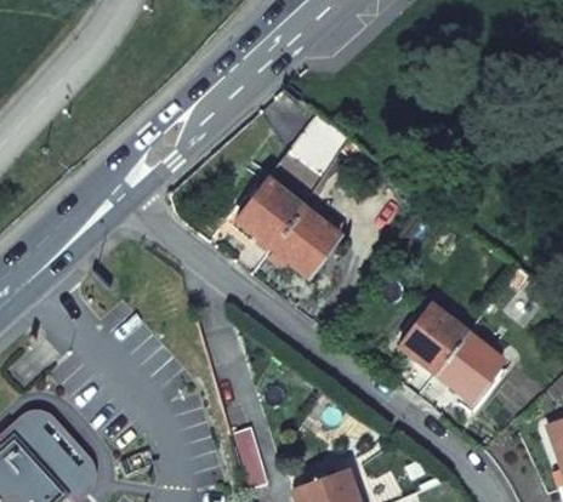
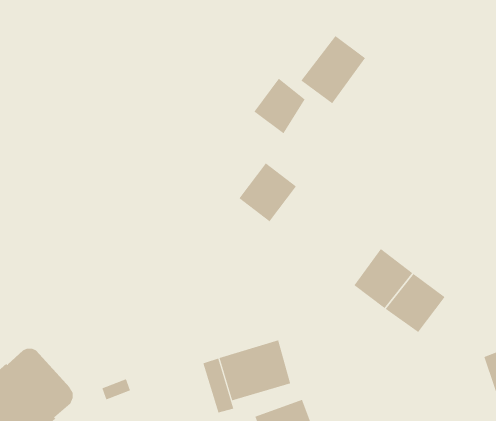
building: none -> [300,35,366,104]
building: [235,179,302,247] -> none
building: none -> [219,339,291,401]

